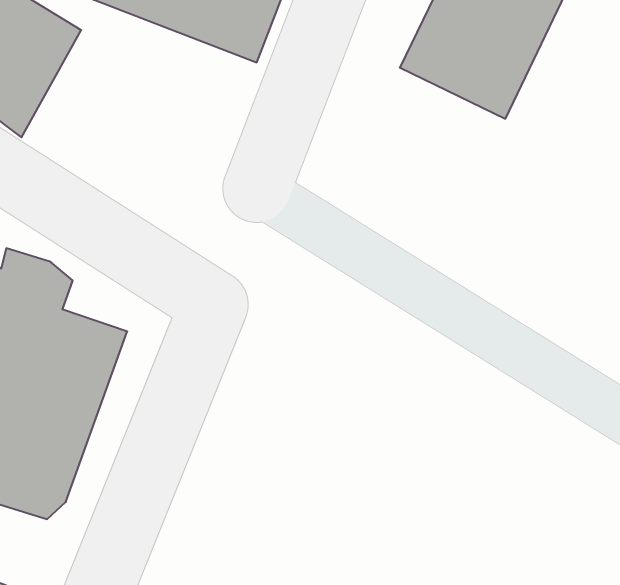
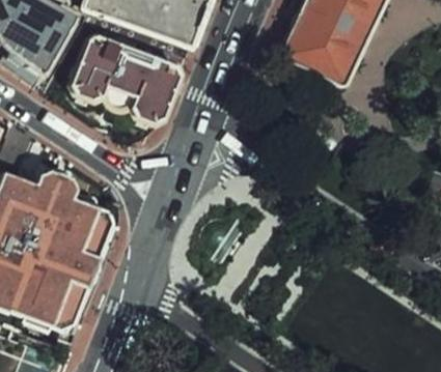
building: none -> [66,33,177,128]

